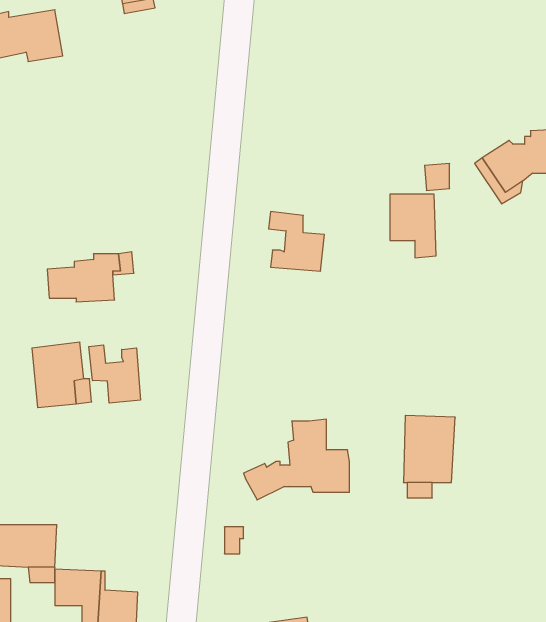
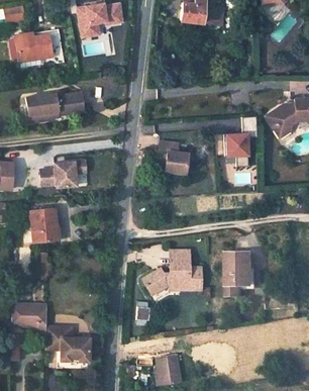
building: none -> [27,93,85,122]
building: [89,345,140,403] -> none

